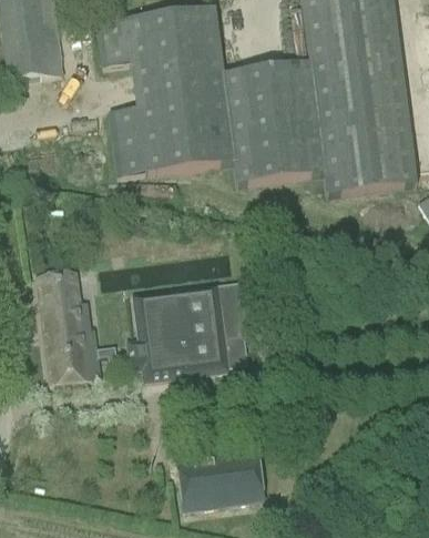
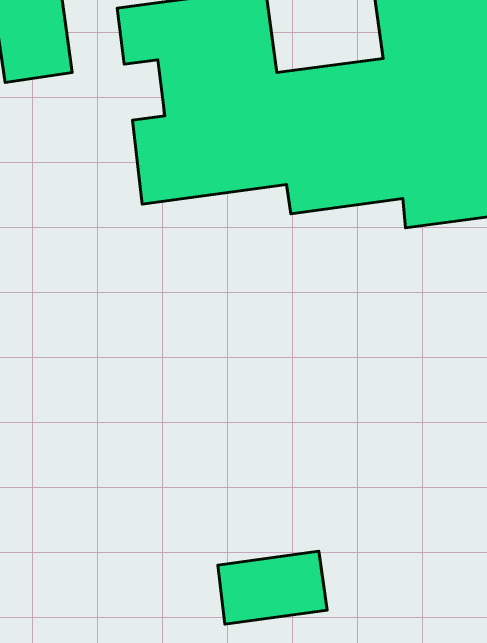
building: [37,270,248,384] -> none

